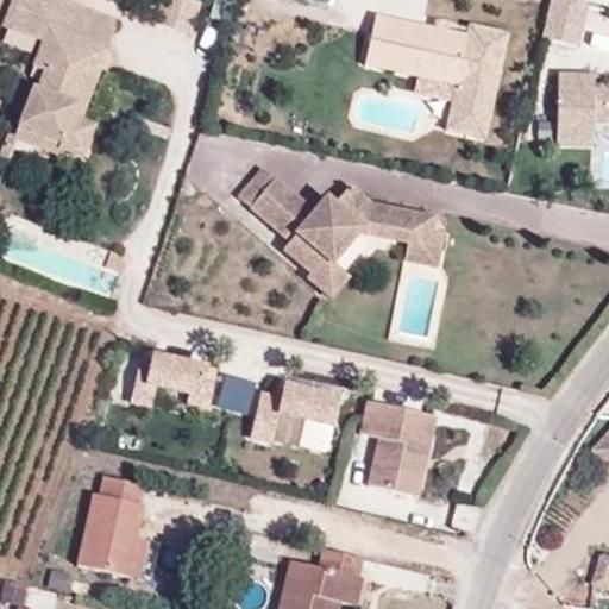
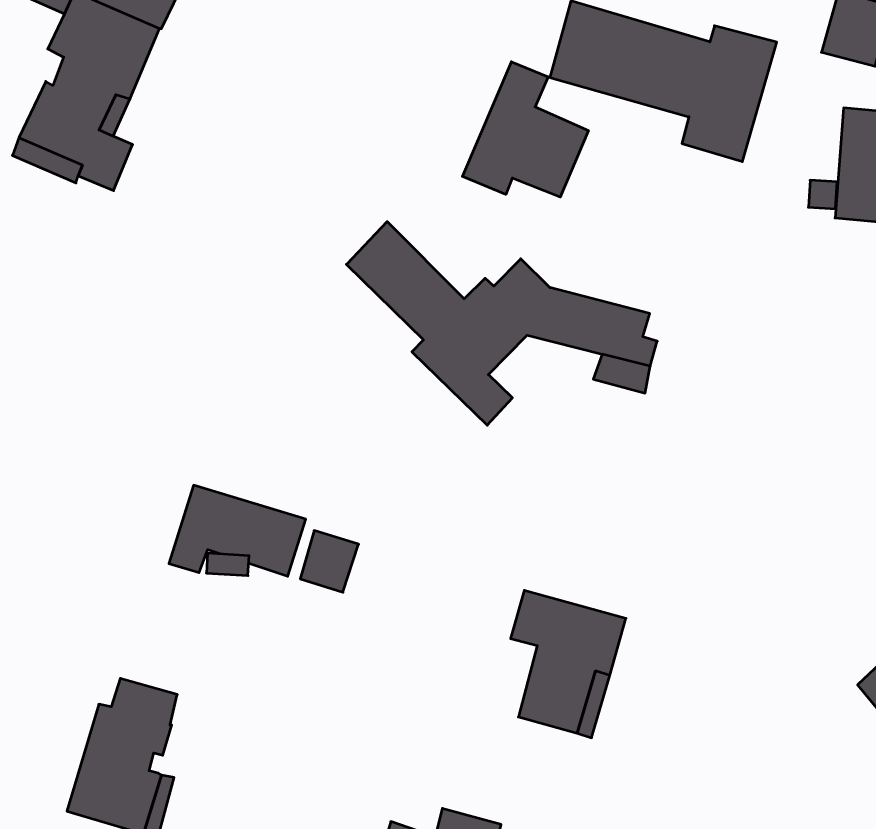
building: none -> [462,62,588,197]
building: [447,102,494,138] -> none
building: [253,379,339,450] -> none

